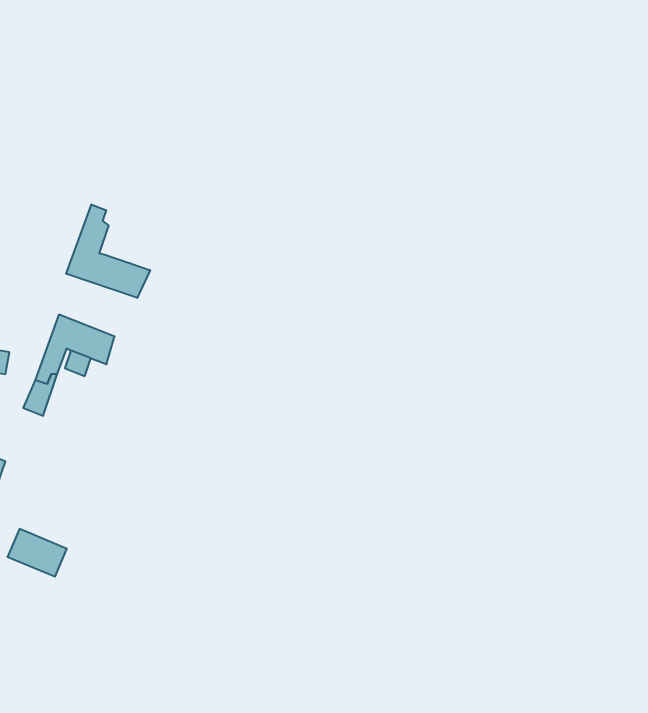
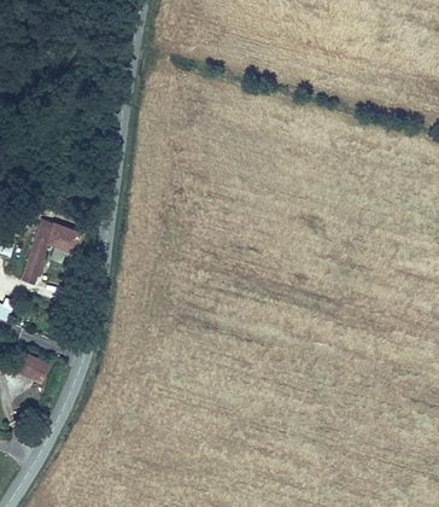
building: [66,204,150,298] -> none

